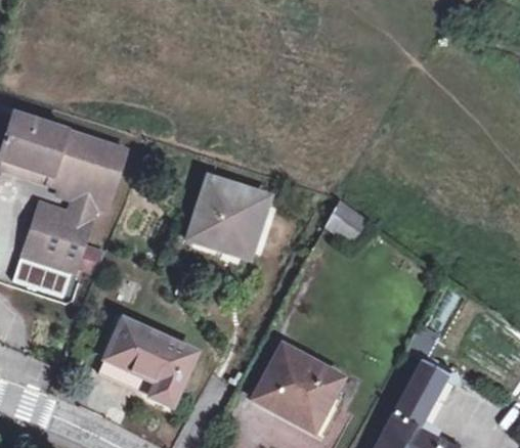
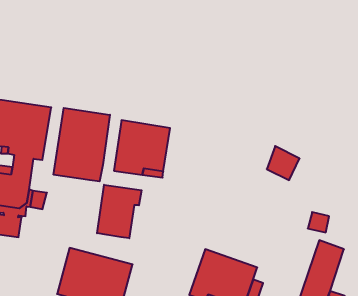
building: none -> [54,108,110,181]
building: [326,197,366,240] -> [267,146,300,180]
building: none -> [97,185,142,238]

